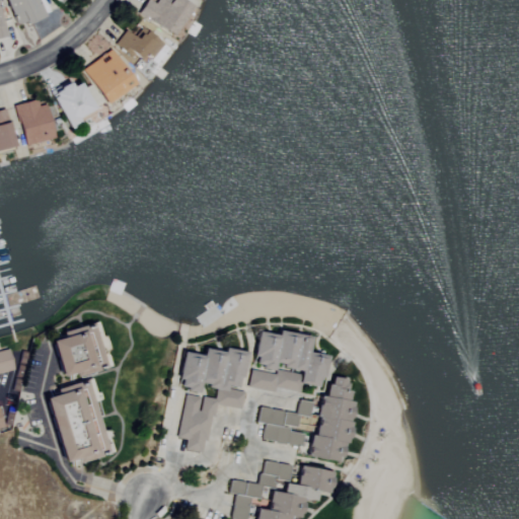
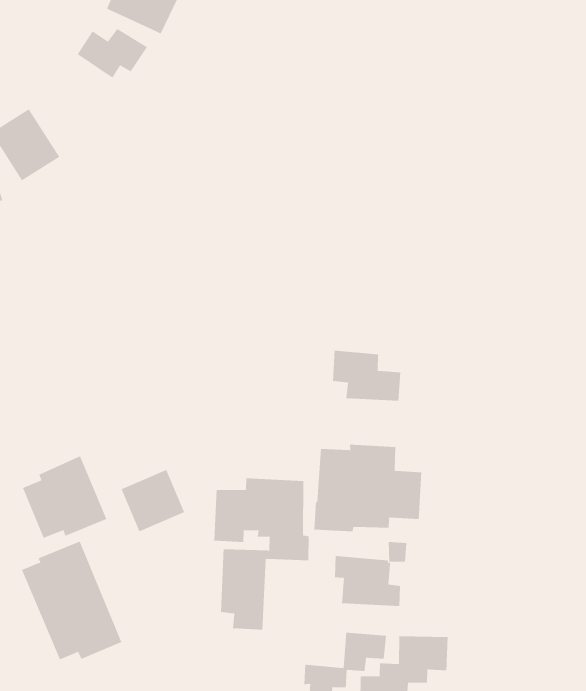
building: [85,48,139,103] -> none
building: none -> [332,350,401,401]
building: none -> [121,469,185,532]
building: [311,377,355,461] -> none

